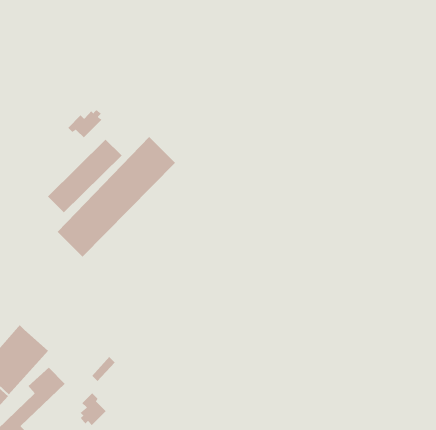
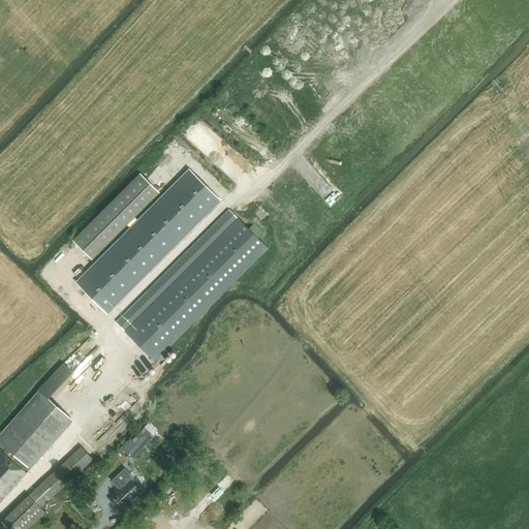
building: [68,109,102,138] -> none
building: none -> [115,210,267,362]
building: none -> [38,363,72,399]

